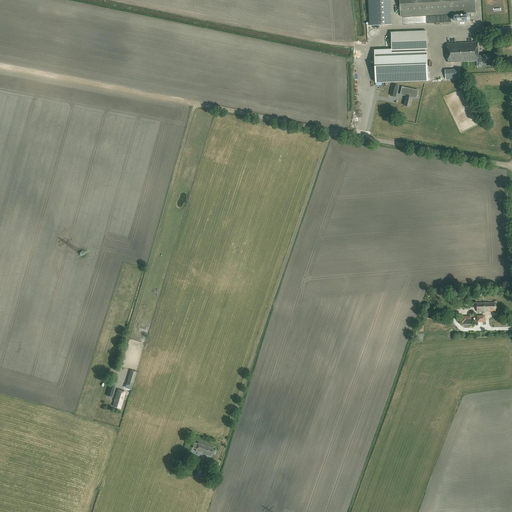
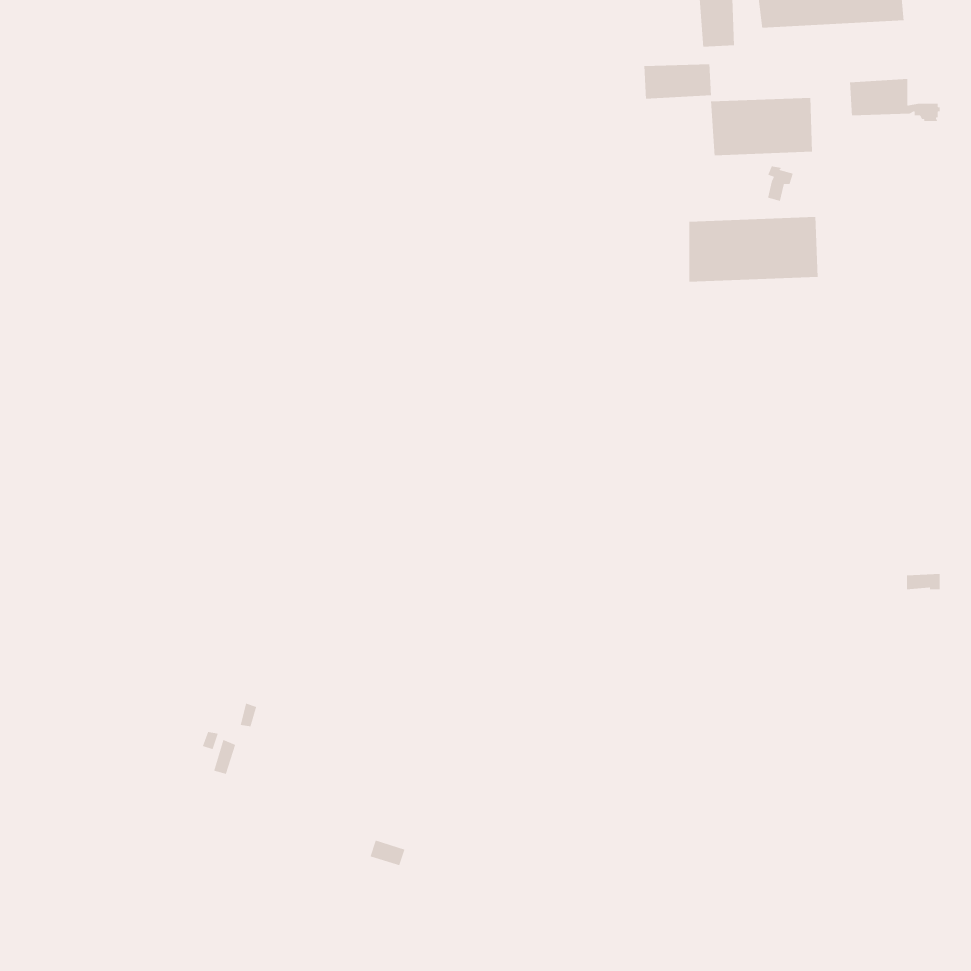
building: [390,31,426,50] -> [643,63,712,100]
building: none -> [688,216,819,282]

